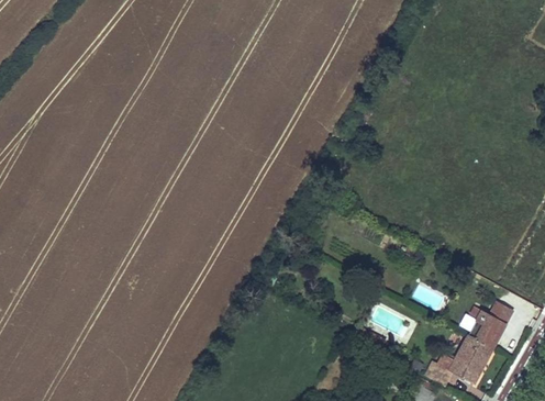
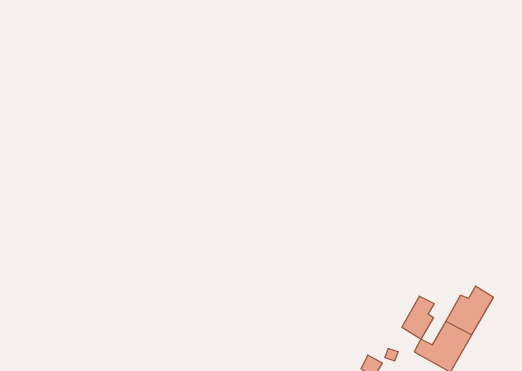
building: none -> [402,296,434,339]

